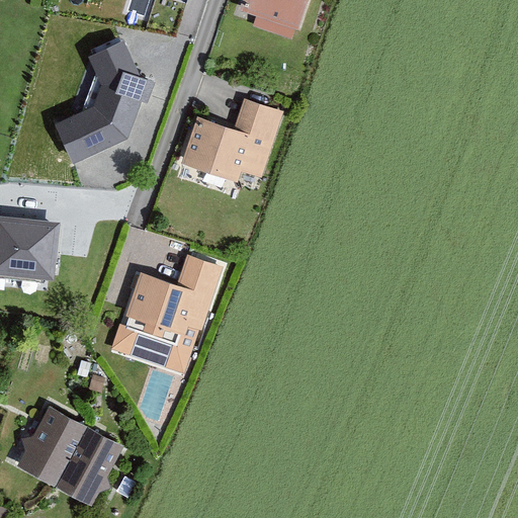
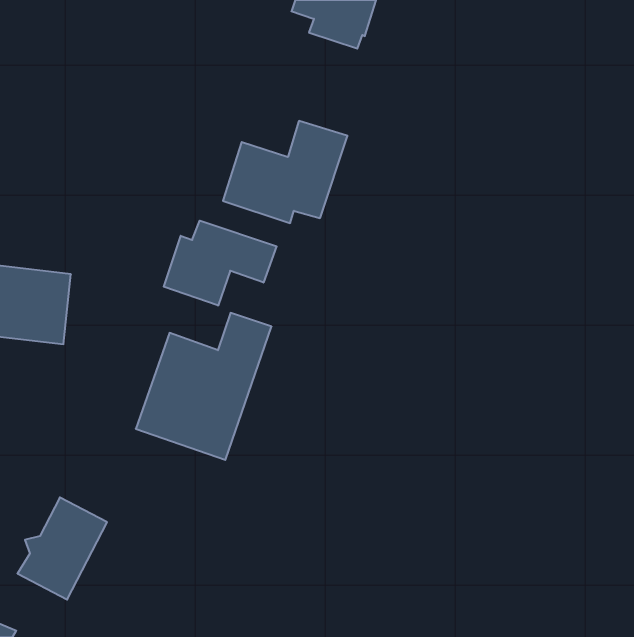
building: [54,39,145,162] -> none
building: none -> [164,221,277,306]
building: [55,424,123,507] -> none

